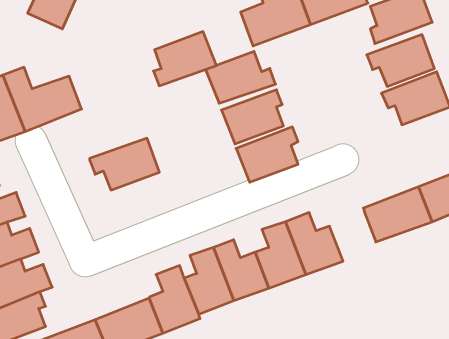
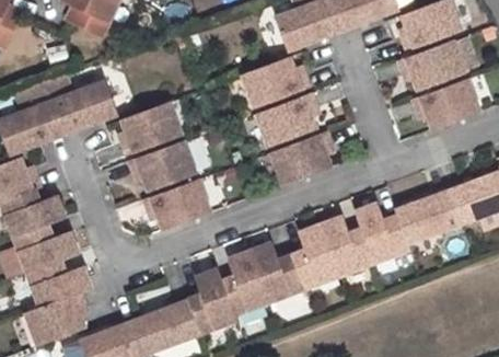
building: [153,32,217,86] -> [120,102,182,154]
building: none -> [142,178,210,231]
building: none -> [355,203,408,261]

